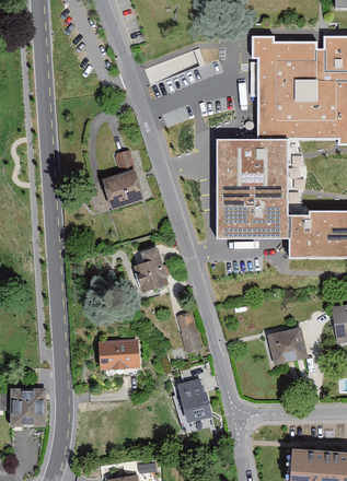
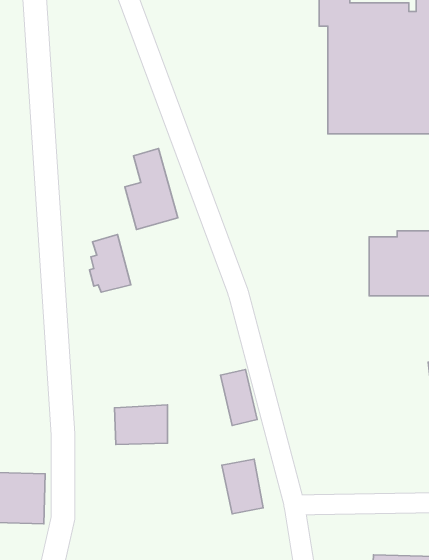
building: [215,138,287,238] -> none
building: [138,245,169,288] -> [89,235,131,292]
building: [267,326,306,363] -> none

